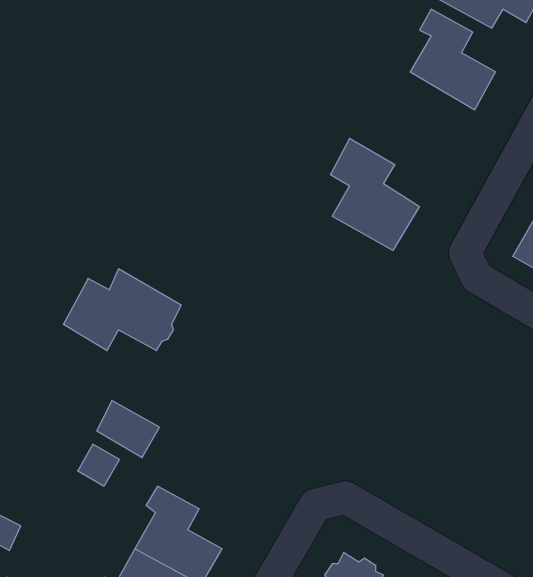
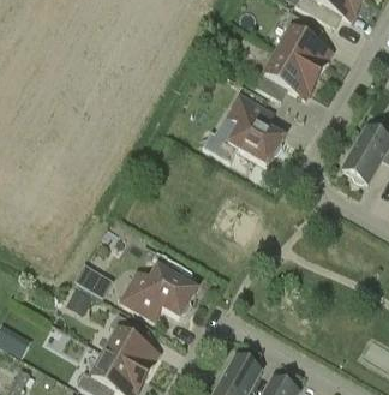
building: none -> [250,50,318,97]
building: [63,269,181,351] -> [121,264,196,316]

